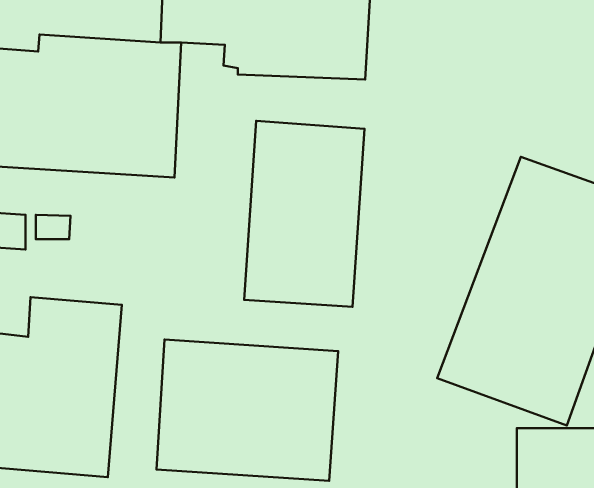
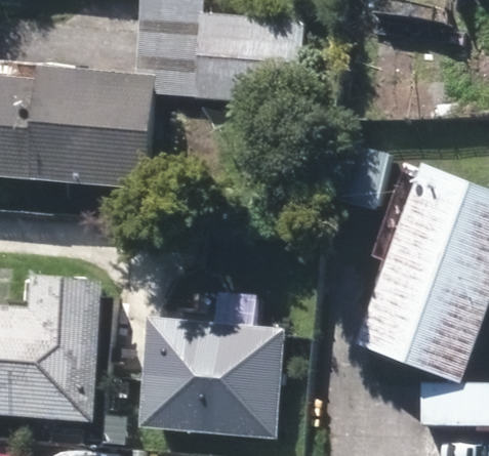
building: [244,121,364,307] -> none

